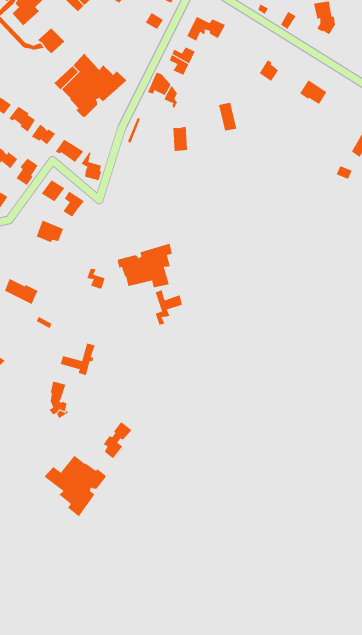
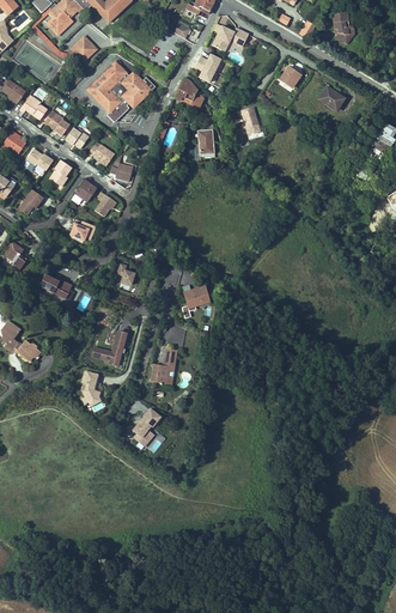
building: [117,243,173,288] -> none
building: none -> [151,347,176,383]
building: [44,455,106,517] -> none

